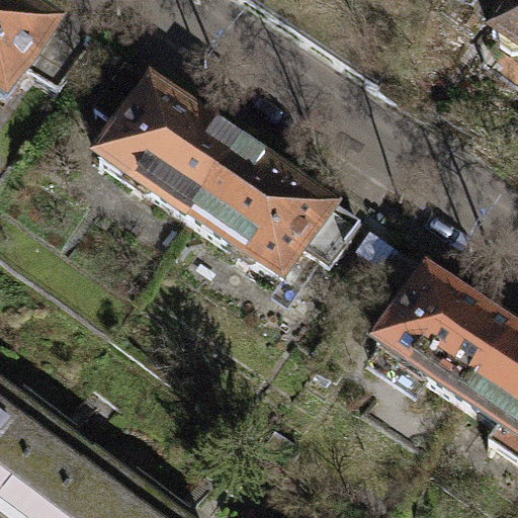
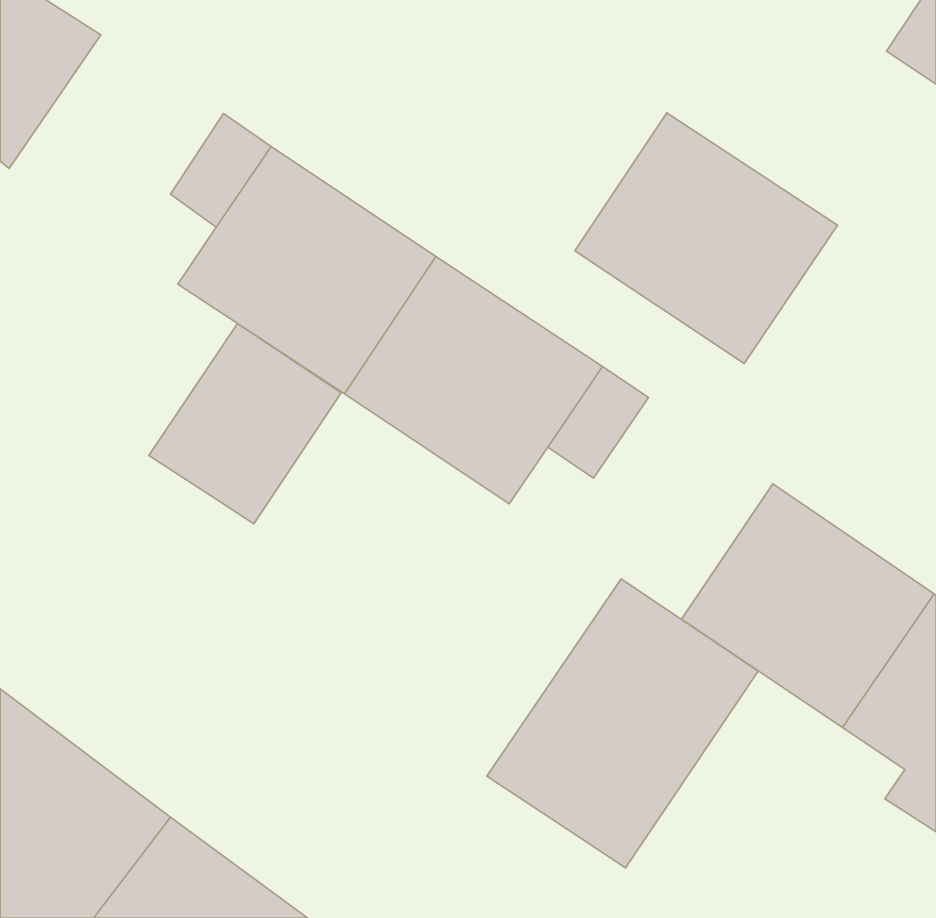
building: none -> [575,113,838,363]
building: none -> [149,324,341,524]
building: none -> [487,579,758,868]

